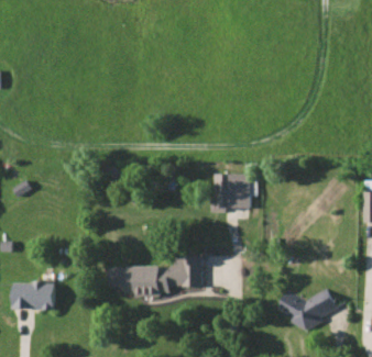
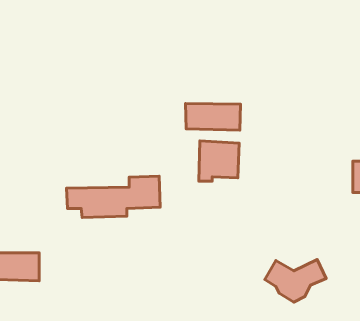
building: none -> [186,104,241,130]
building: [111,255,204,295] -> [67,176,160,217]

